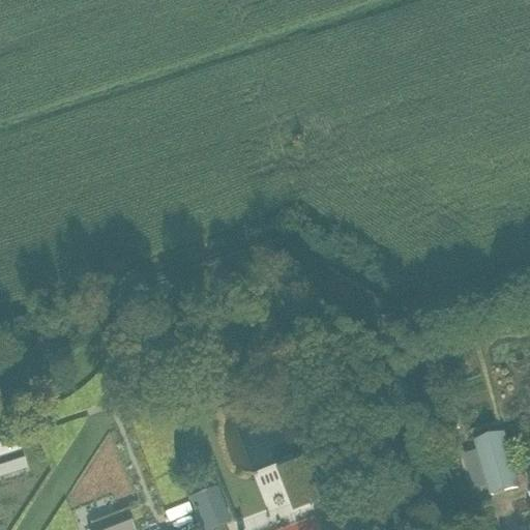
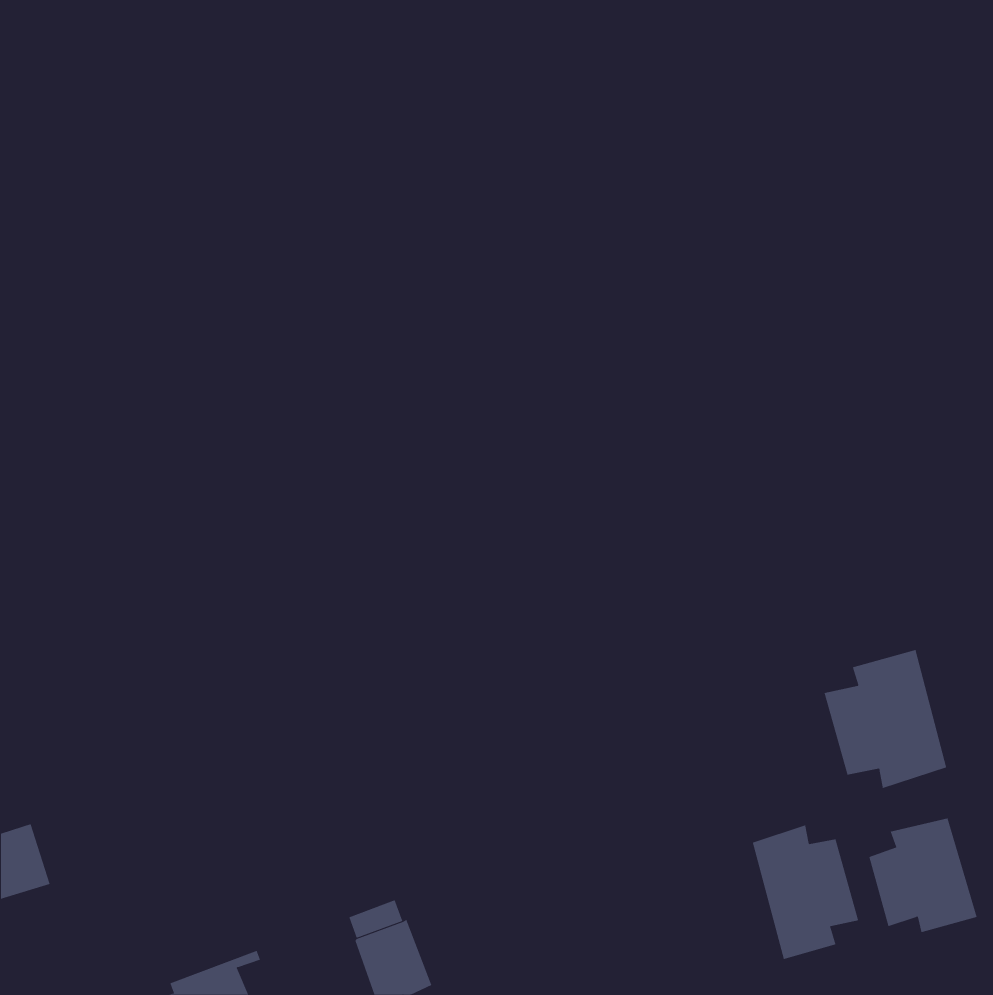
building: none -> [824,649,947,789]
building: none -> [752,824,859,960]

